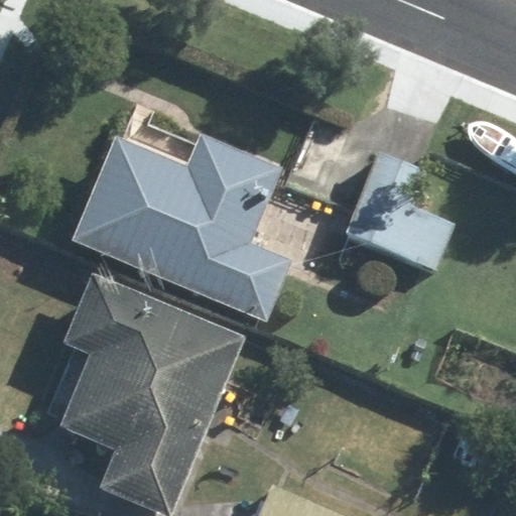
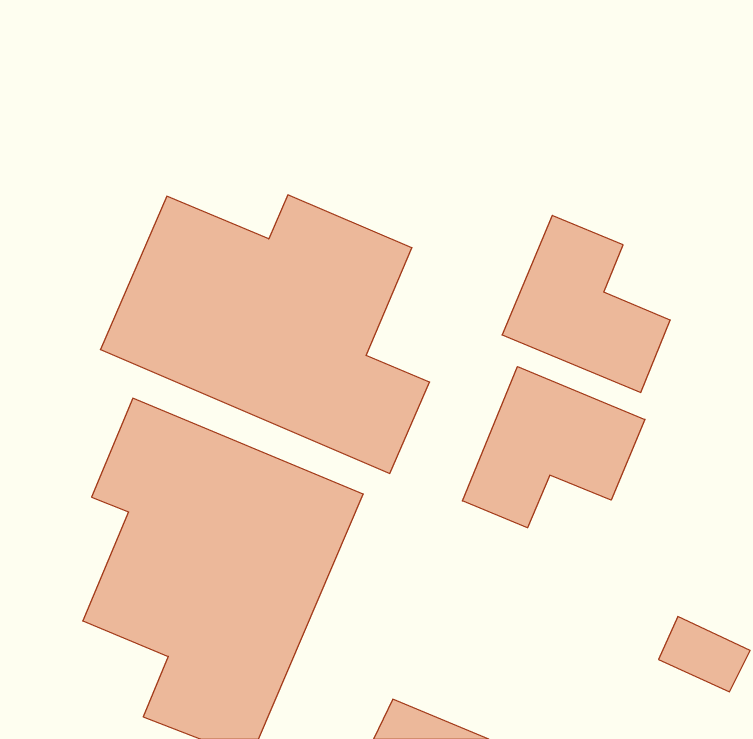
building: none -> [462,367,645,528]

